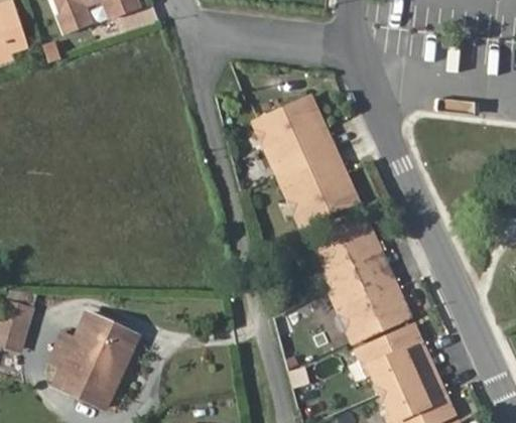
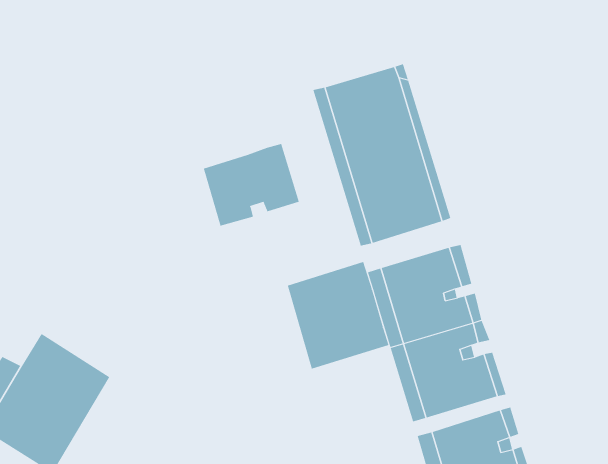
building: none -> [203,143,299,226]
building: none -> [287,261,389,369]

